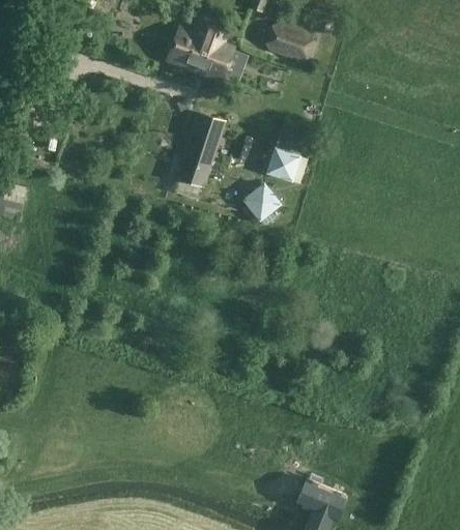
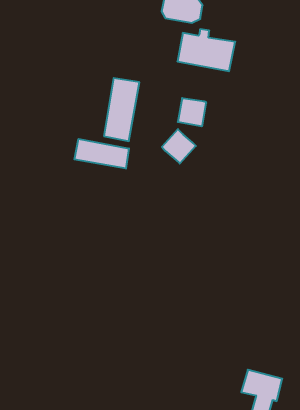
building: [166,26,236,80] -> [177,29,235,71]
building: none -> [74,139,129,169]

